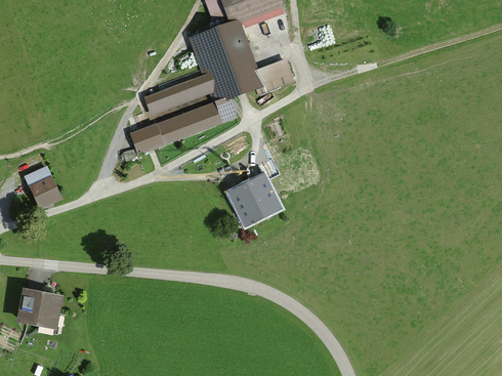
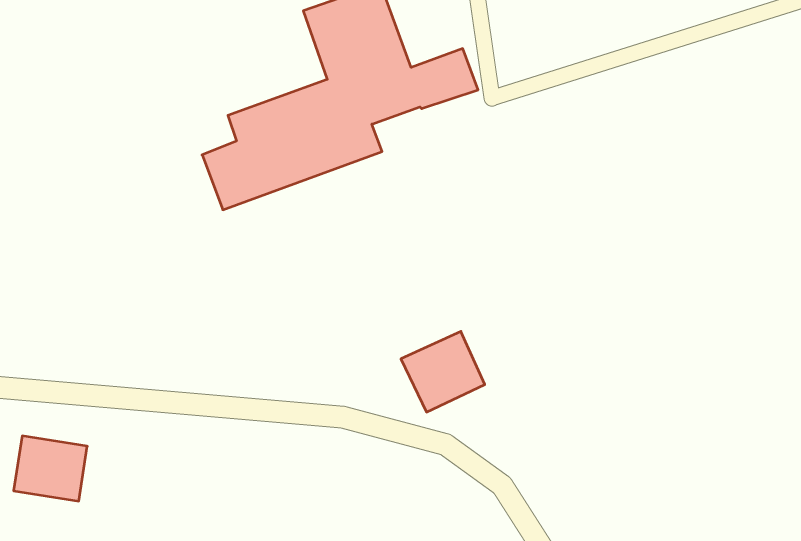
building: [26,168,59,208] -> none
building: [229,175,280,223] -> [401,331,485,412]

